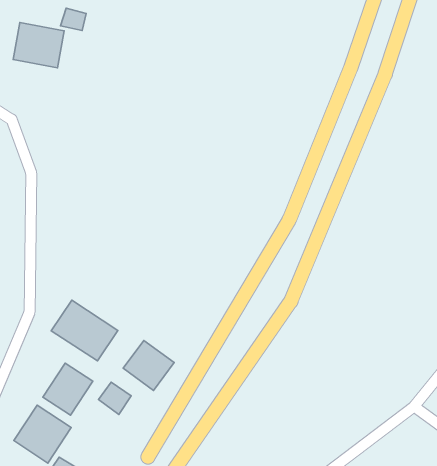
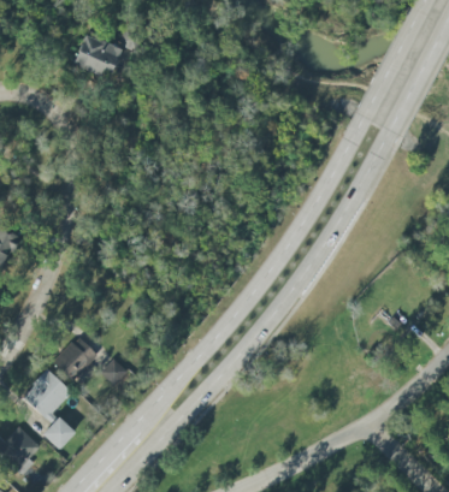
building: [51,300,118,361] -> none
building: [123,340,174,390] -> none

